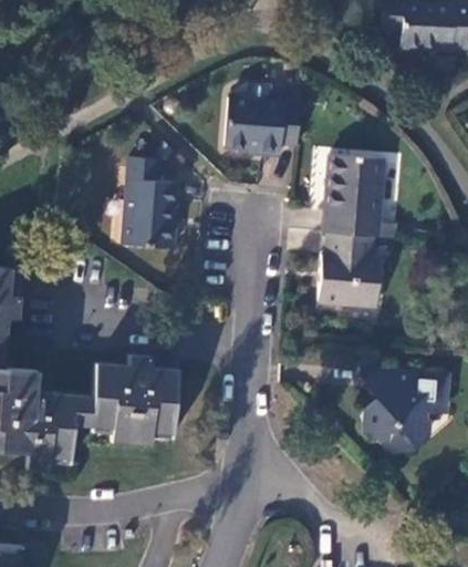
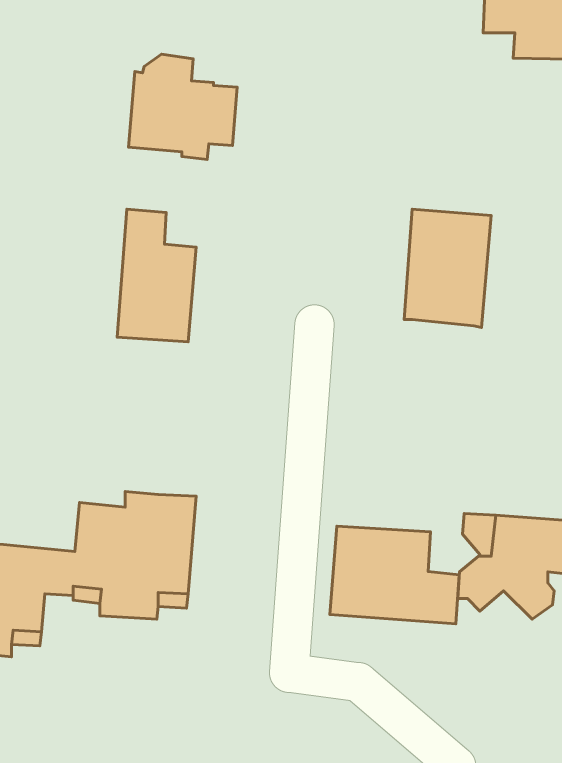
building: [225,83,301,157] -> [128,54,237,160]
building: [318,234,379,310] -> none
building: none -> [330,526,459,624]

